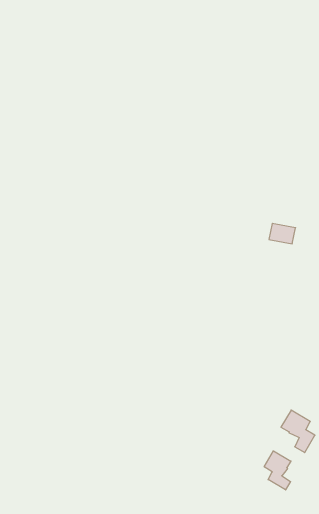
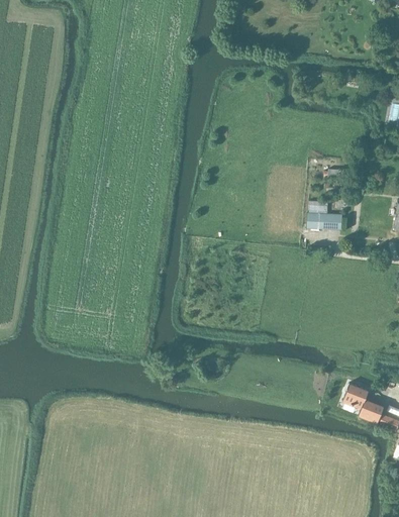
building: [264,451,291,490] -> none

